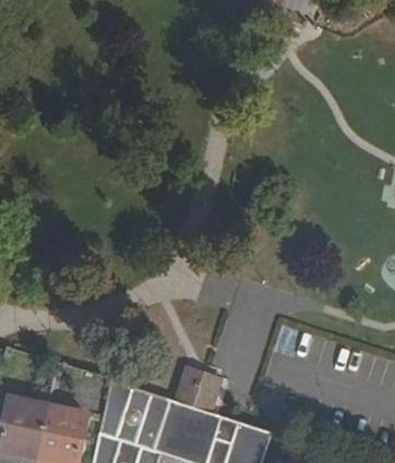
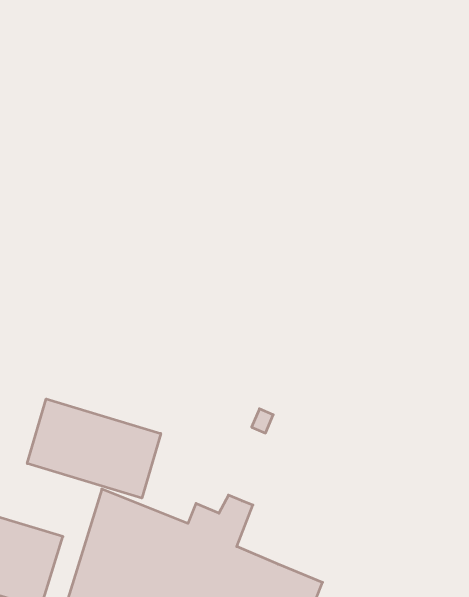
building: none -> [27,399,161,498]

